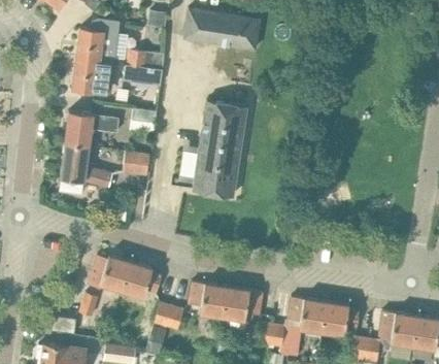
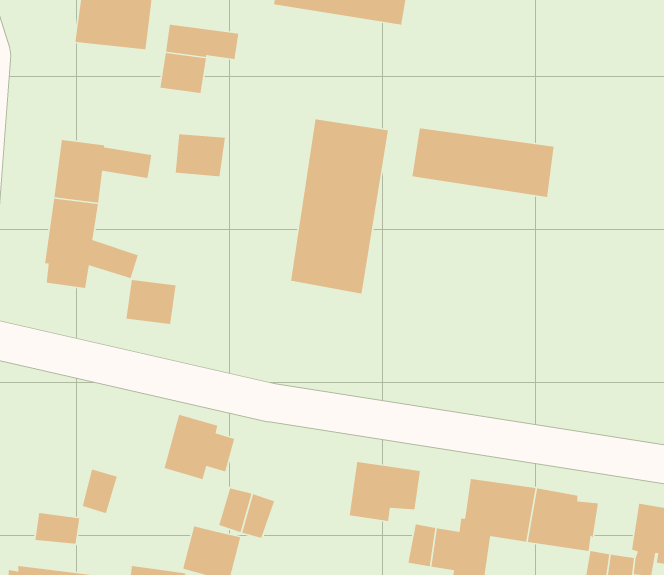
building: [71,61,114,96] -> none
building: none -> [411,127,554,198]
building: [123,153,150,177] -> [126,279,177,325]
building: [91,257,132,293] -> none
building: [189,284,229,319] -> none

